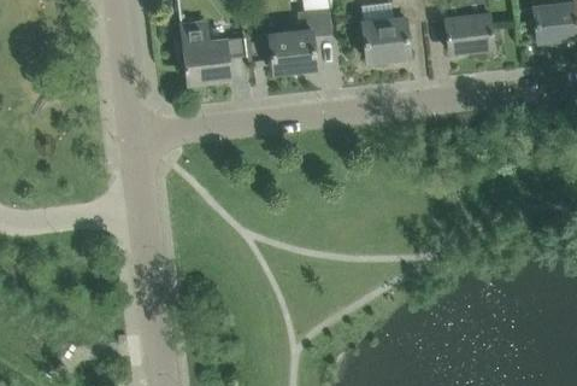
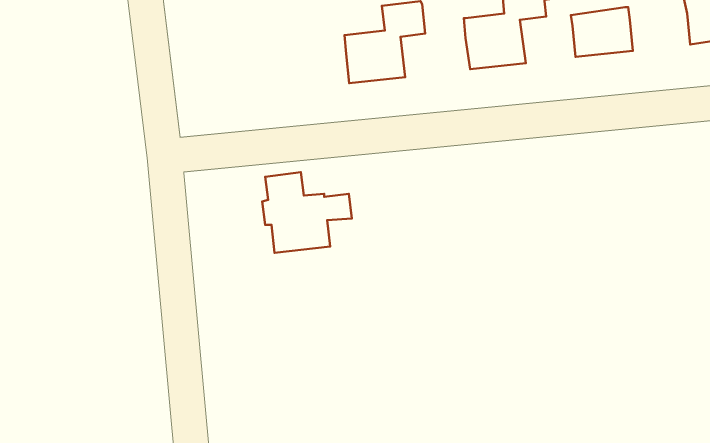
building: [177,21,247,83] -> [262,172,352,253]

